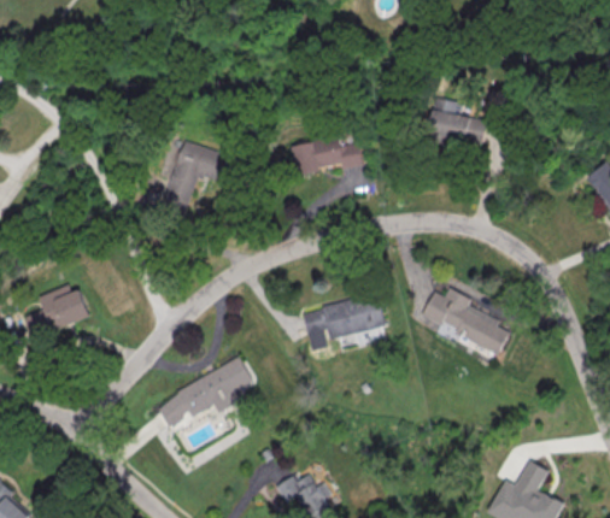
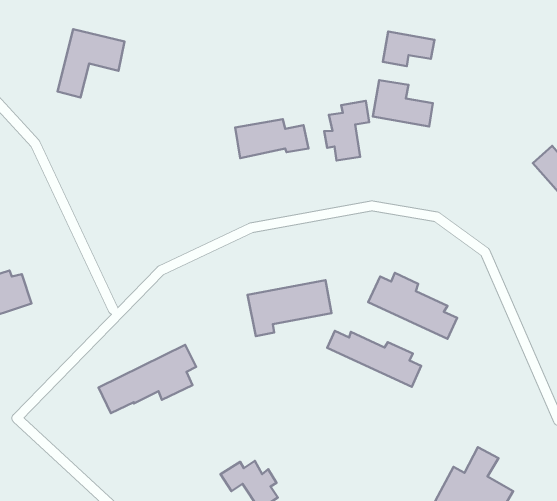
building: none -> [383,32,434,66]
building: none -> [324,101,369,160]
building: [164,142,230,210] -> [57,29,124,98]
building: none -> [327,331,421,387]

